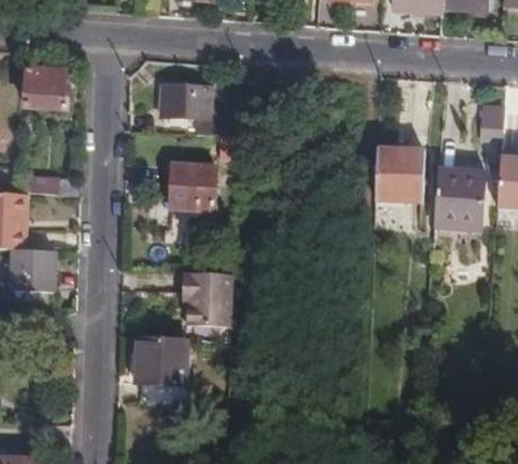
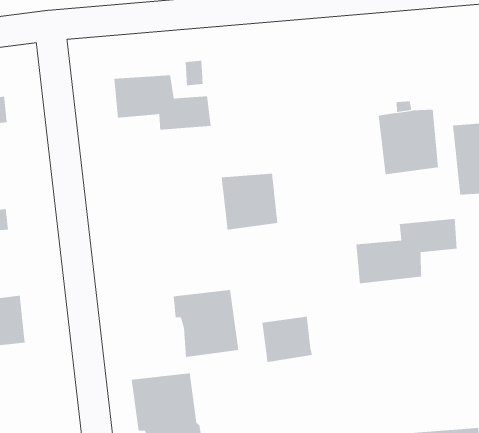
building: [169,164,215,209] -> [221,173,278,230]
building: none -> [356,218,457,284]
building: none -> [262,316,313,363]

